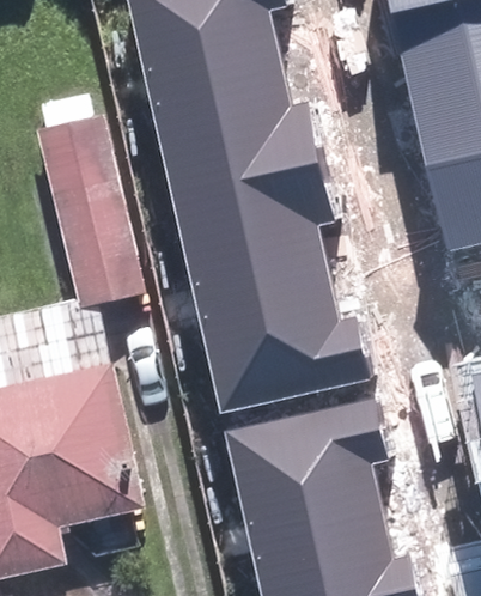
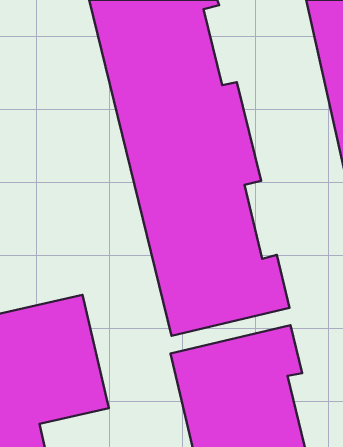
building: [44,114,152,302] -> none

